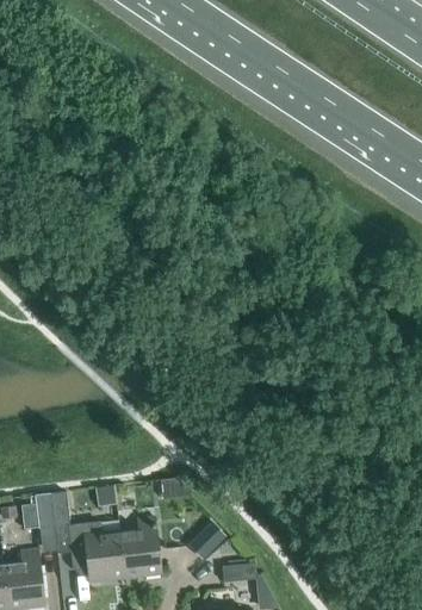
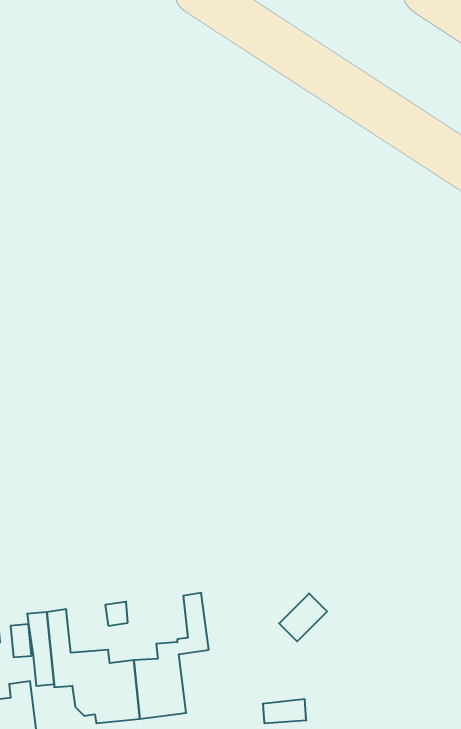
building: [188,522,226,560] -> [279,593,327,641]

